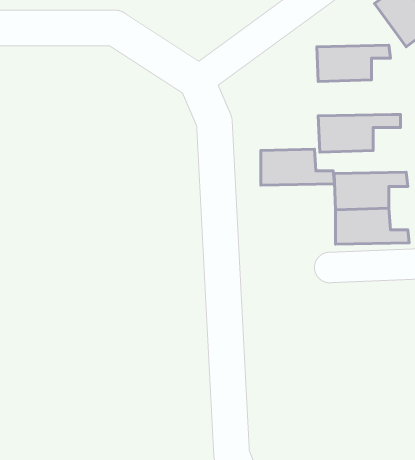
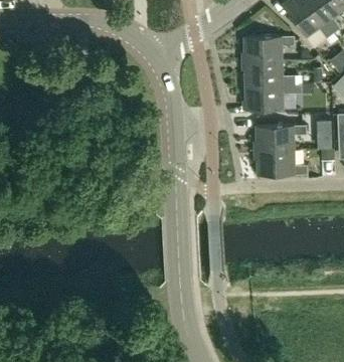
building: [261,149,335,185] -> [244,60,296,85]

